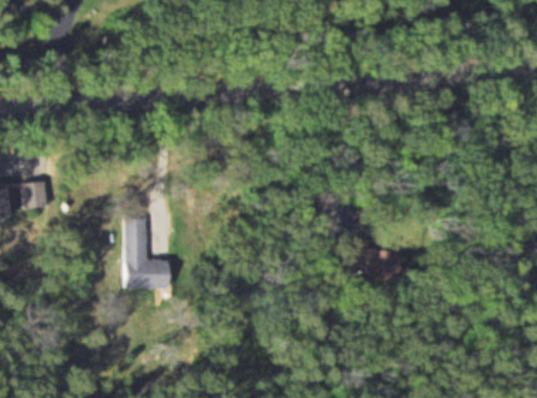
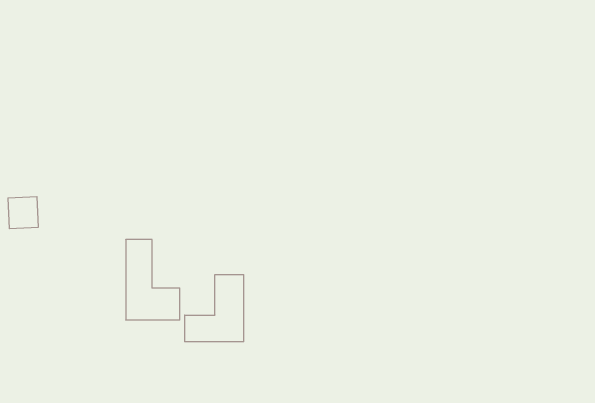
building: none -> [185,275,244,342]

